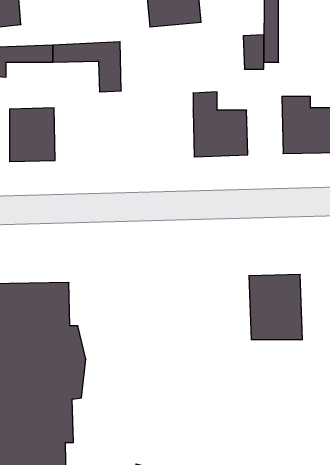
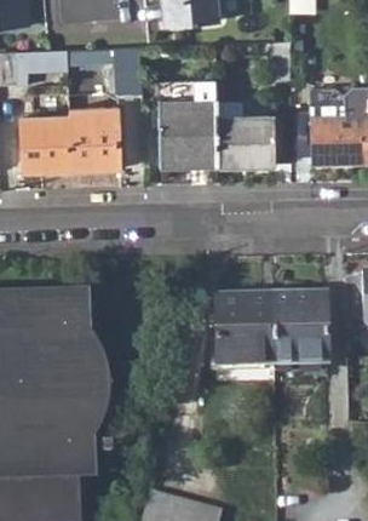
building: none -> [156,79,215,168]
building: none -> [67,110,116,172]
building: none -> [218,294,276,365]

